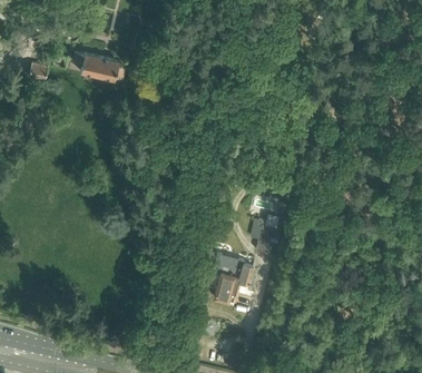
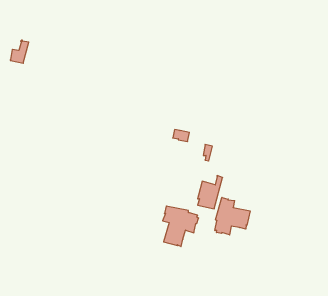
building: [71,53,124,81] -> none
building: none -> [215,197,250,235]

